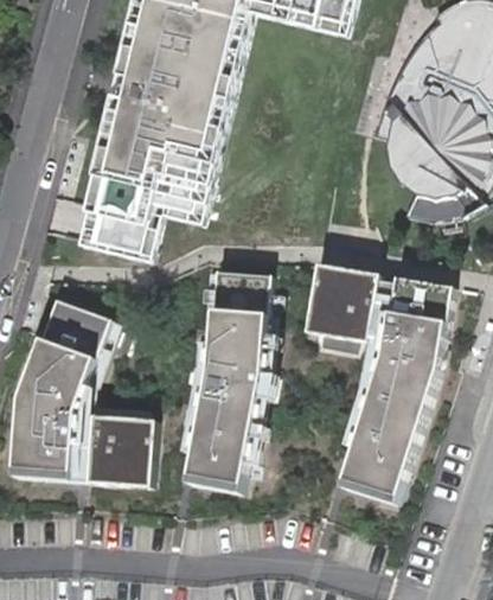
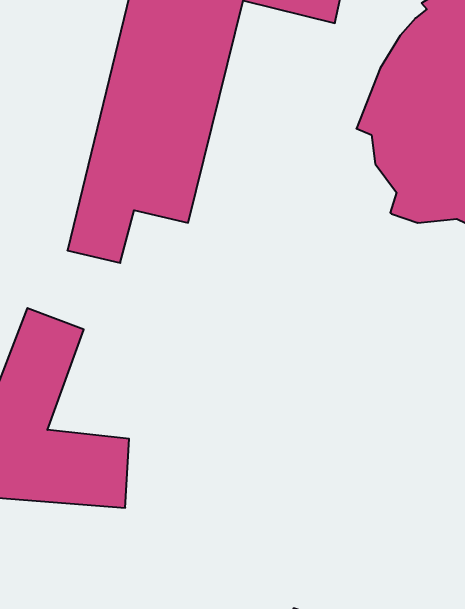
building: [302,267,448,506] -> none
building: [181,273,267,494] -> none

